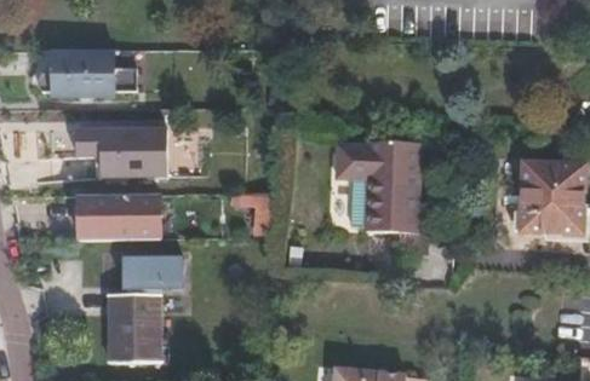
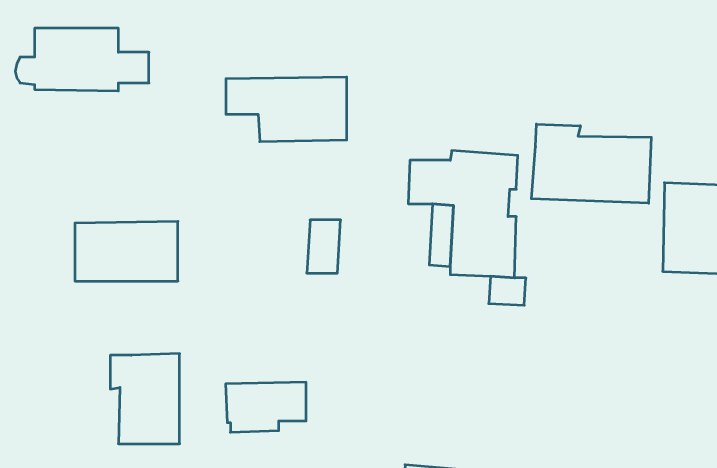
building: none -> [531,124,651,203]
building: [80,126,171,174] -> [226,77,347,142]
building: [120,254,181,291] -> [226,382,306,432]

